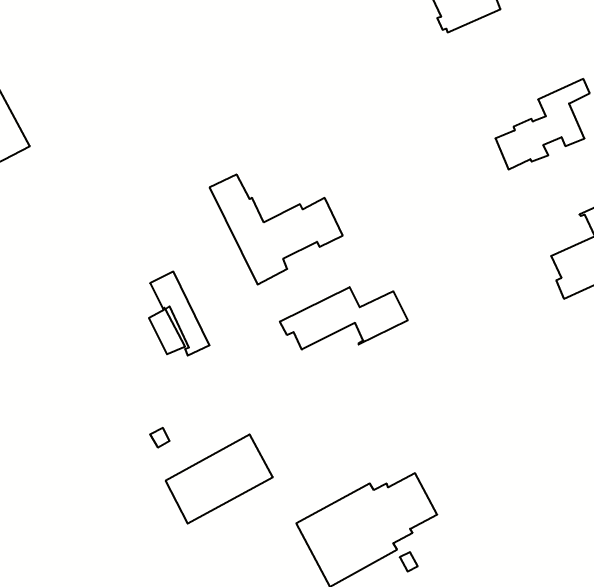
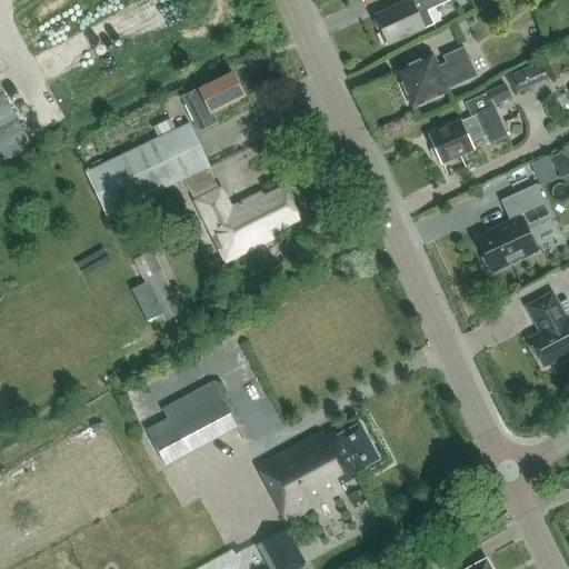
building: none -> [398,46,477,103]
building: none -> [181,72,244,131]
building: none -> [86,122,209,213]
building: [280,287,408,350] -> none

